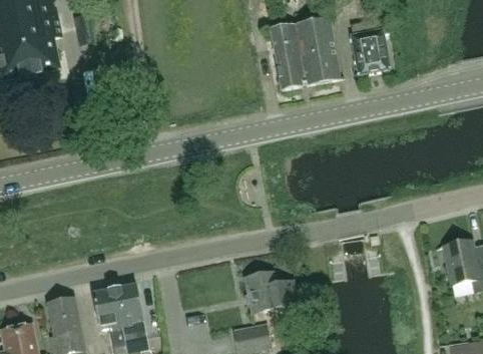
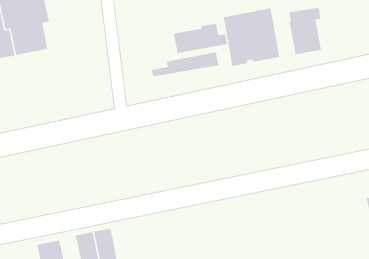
building: none -> [173,23,228,54]
building: none -> [151,52,219,77]
building: [244,270,298,312] -> none

